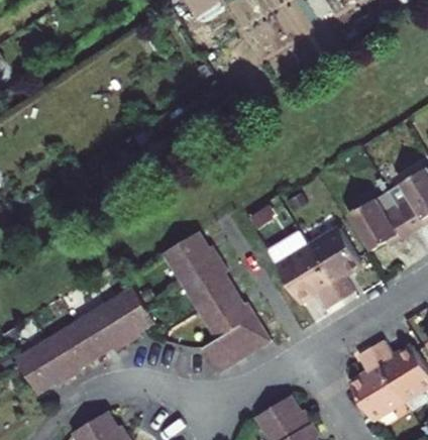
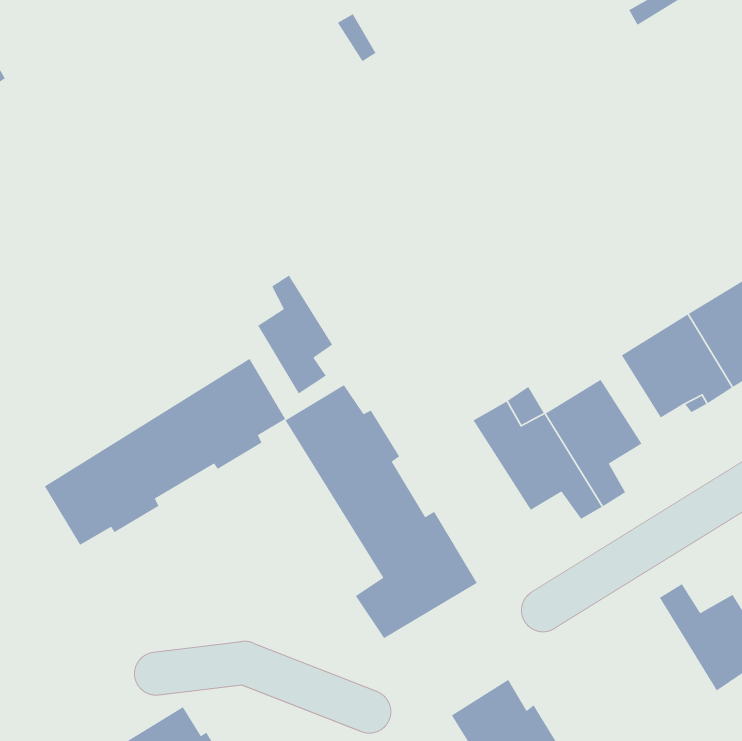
building: none -> [257,275,333,394]
building: [16,287,151,392] -> [44,358,286,546]
building: [349,349,403,421] -> none

